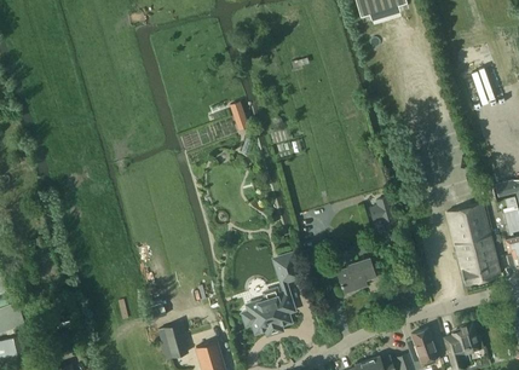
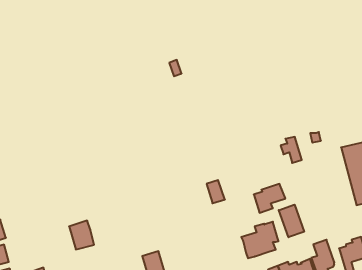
building: none -> [279,205,304,237]
building: [247,287,294,333] -> [241,222,279,258]
building: [157,323,189,359] -> [69,221,94,249]

